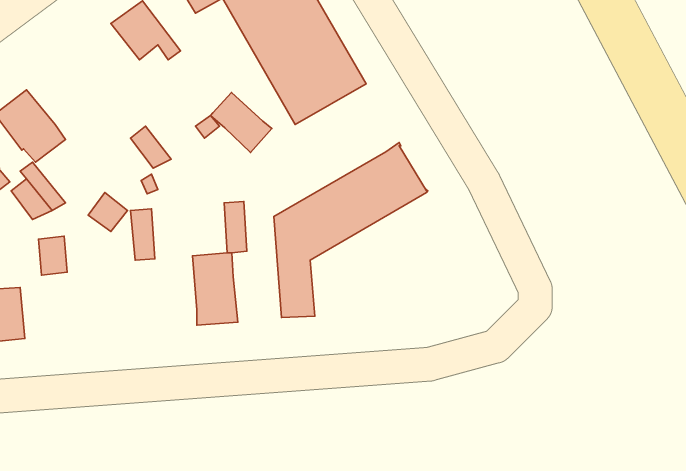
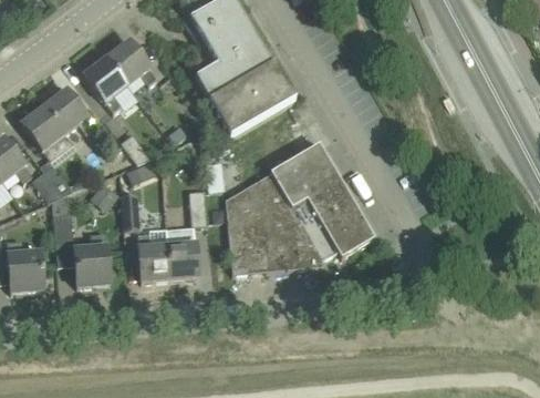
building: none -> [85,57,128,111]
building: none -> [45,88,95,132]
building: [211,93,272,152] -> none
building: none -> [253,181,373,272]
building: none -> [138,227,170,280]
building: none -> [74,232,111,286]

